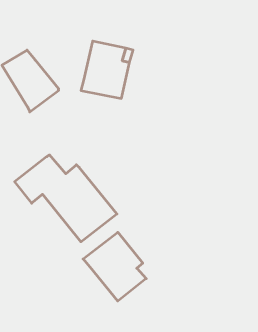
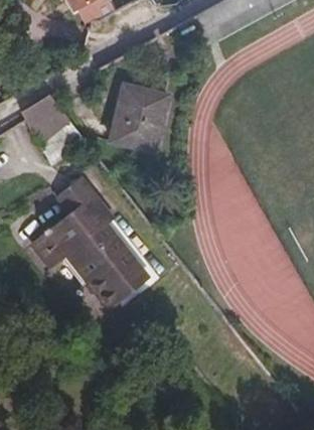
building: none -> [58,179,115,235]
building: [83,232,146,301] -> none

